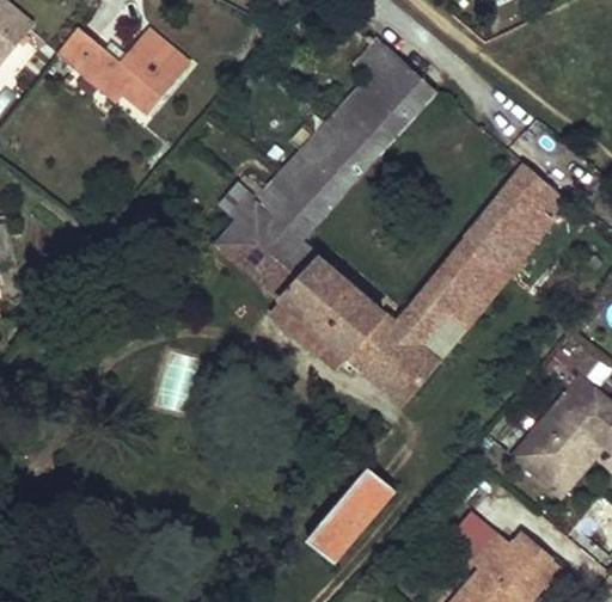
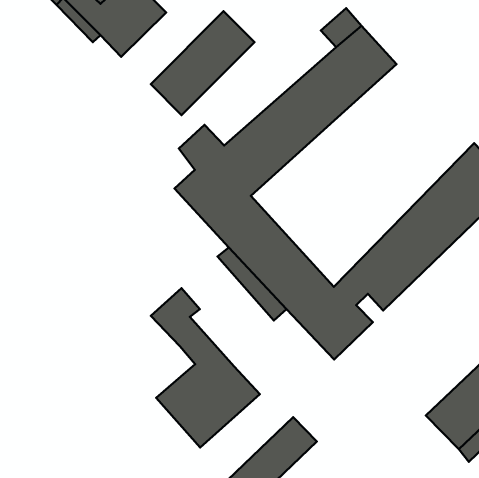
building: none -> [151,11,254,115]
building: none -> [151,288,260,448]

